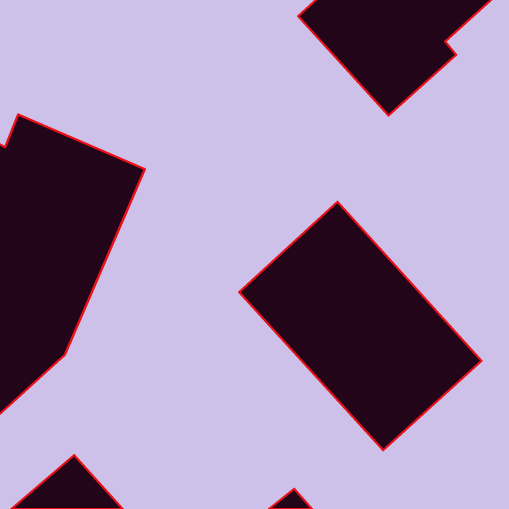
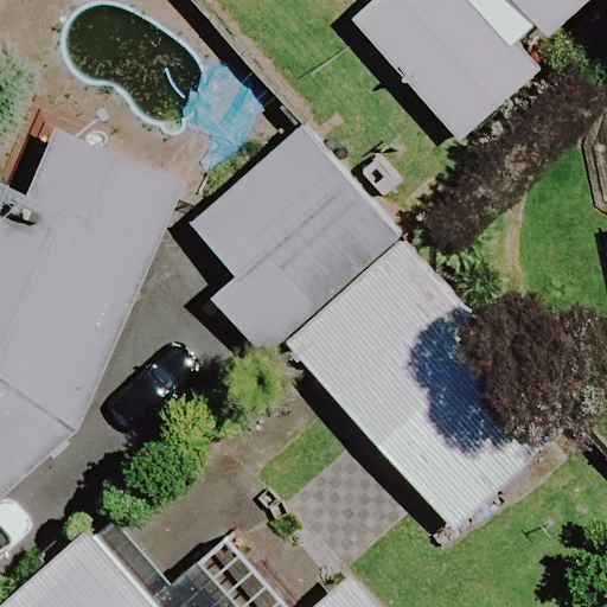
building: none -> [185,133,395,341]

